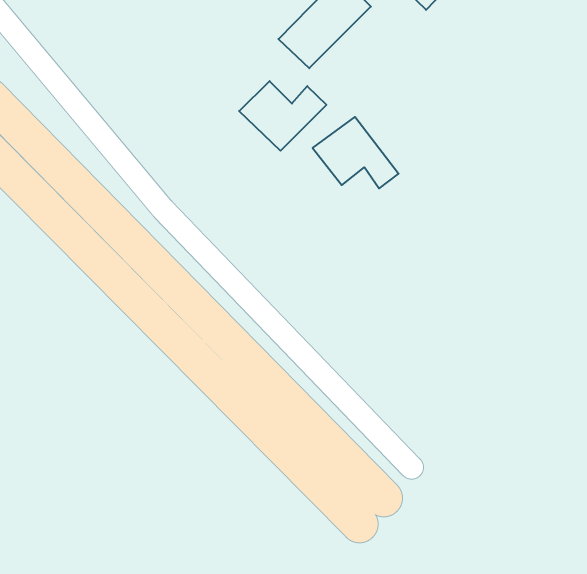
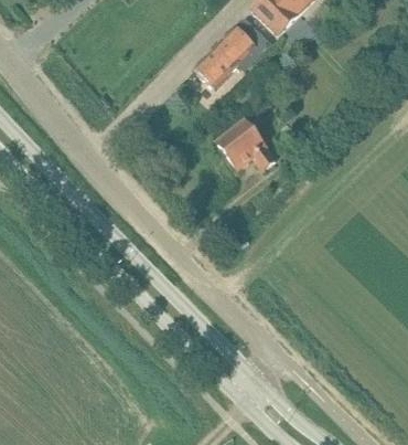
building: [239,81,326,151] -> none

